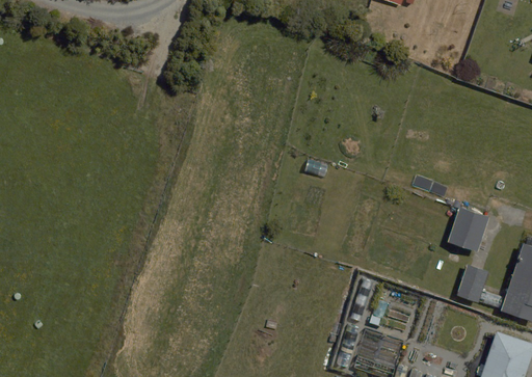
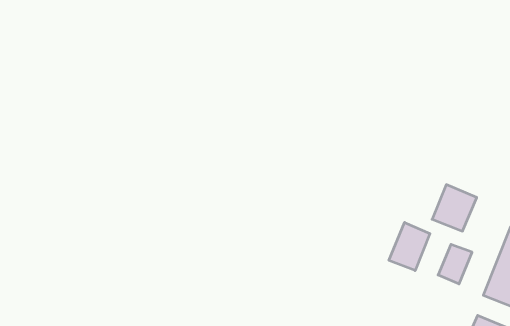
building: none -> [389,222,430,271]

